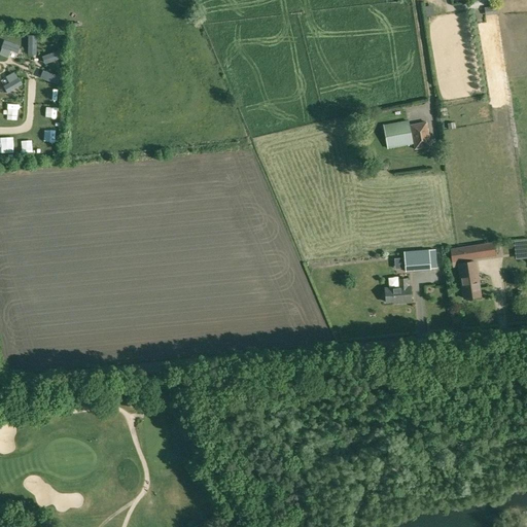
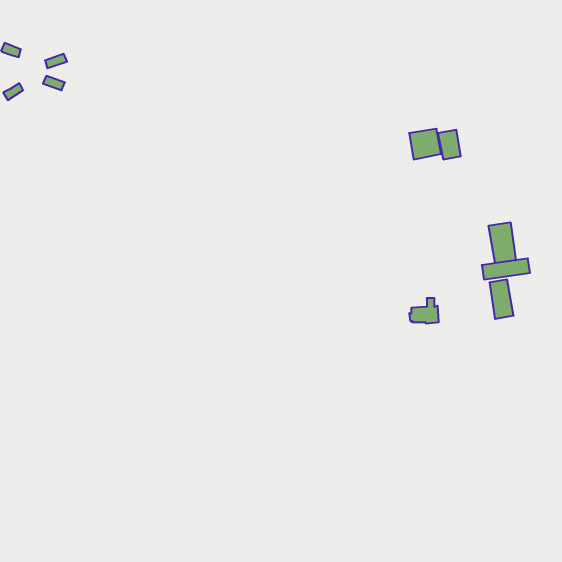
building: none -> [489,222,516,263]
building: [405,249,430,272] -> none

